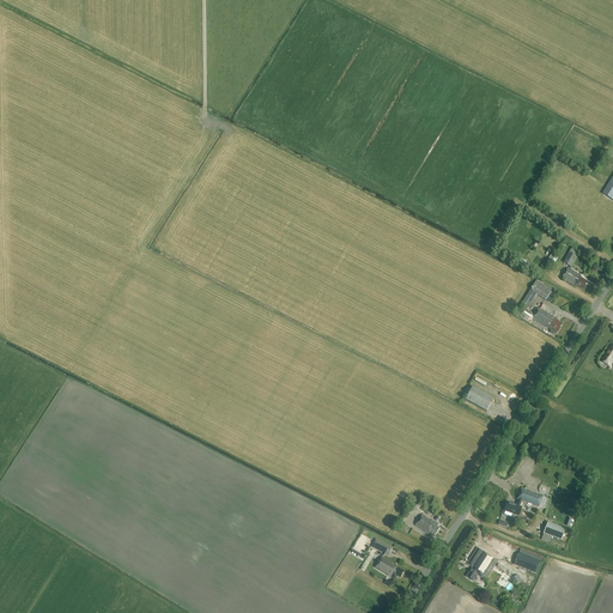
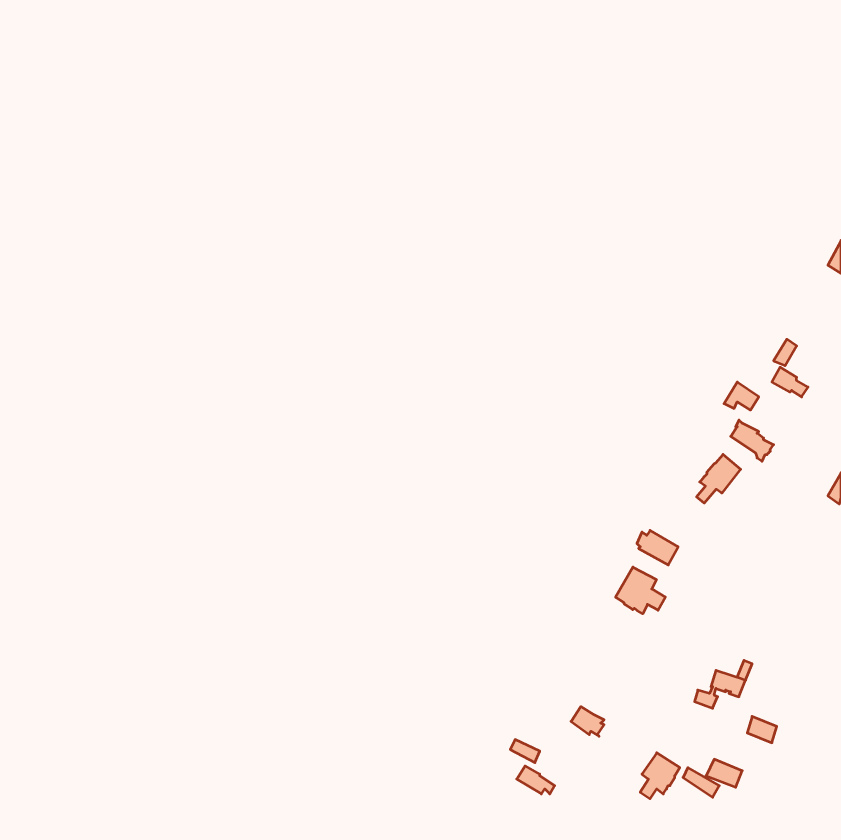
building: none -> [697,454,741,503]
building: none -> [616,567,665,614]

